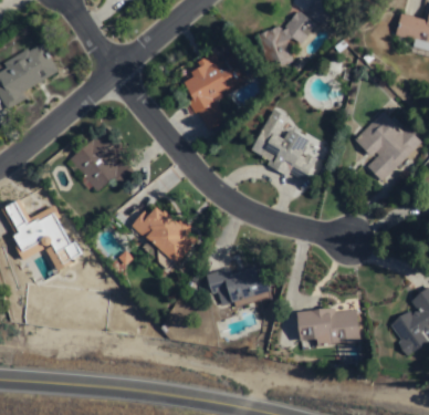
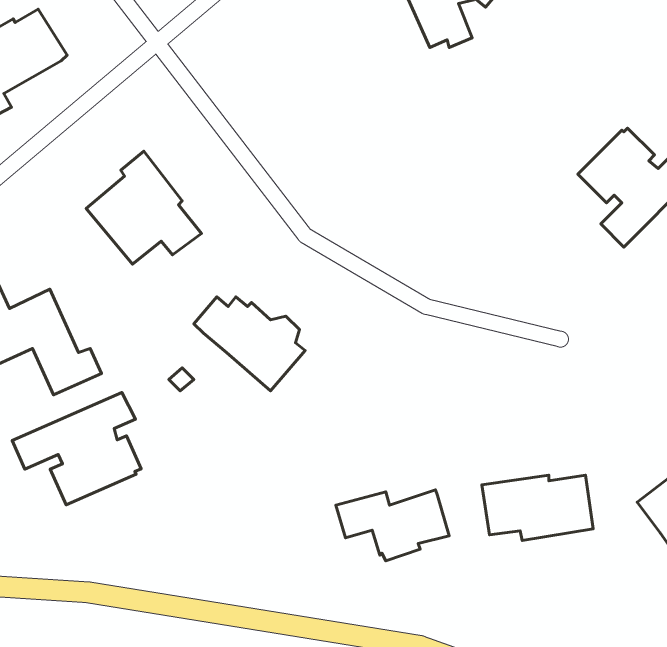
building: [181,51,240,128] -> none
building: [252,106,316,179] -> none
building: none -> [12,392,141,505]
building: [207,266,272,307] -> [336,490,449,561]

